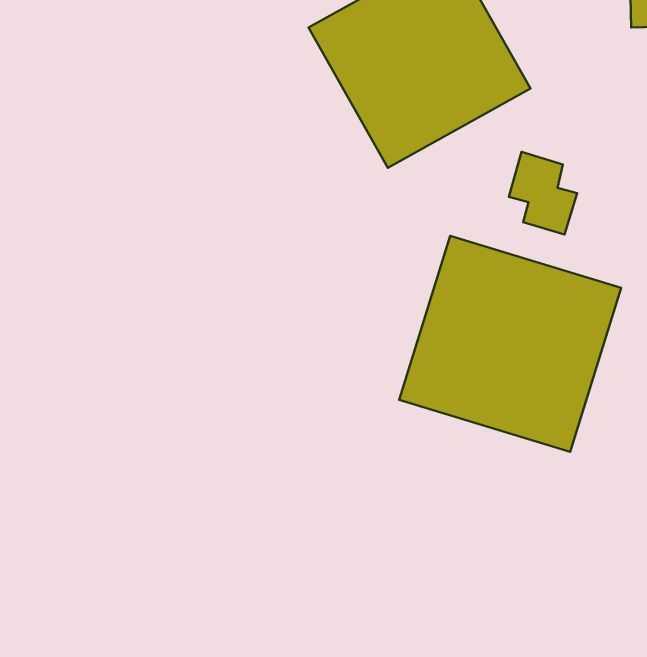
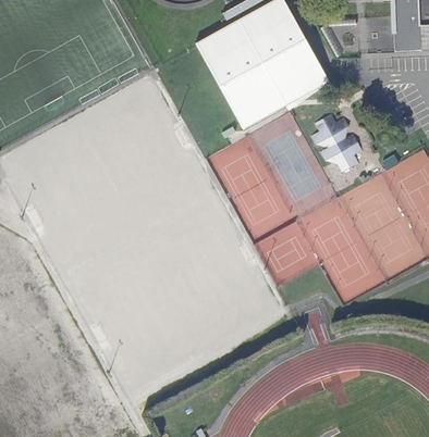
building: [399,236,621,452] -> none

